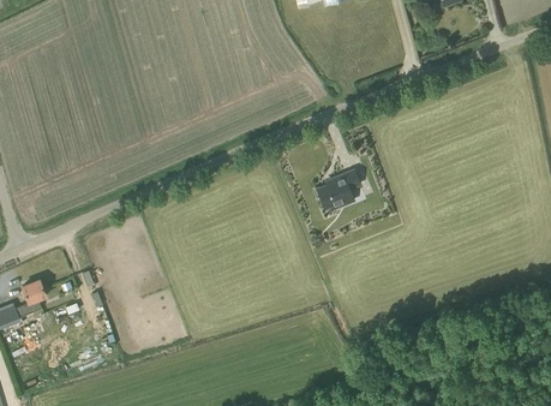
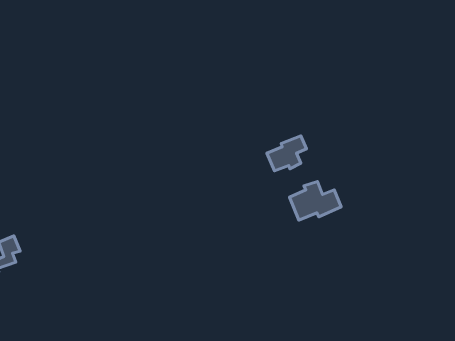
building: none -> [290,181,341,220]

